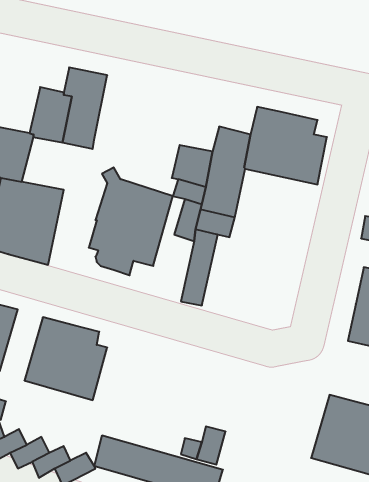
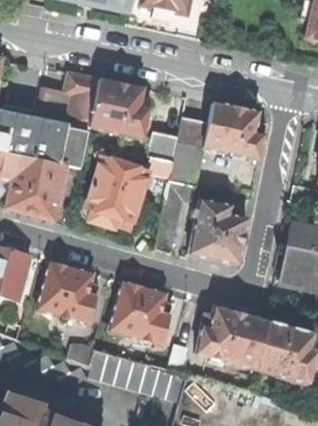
building: none -> [89,78,153,138]
building: none -> [34,125,88,168]
building: none -> [189,200,247,263]
building: none -> [108,281,173,346]
building: none -> [195,307,268,369]

